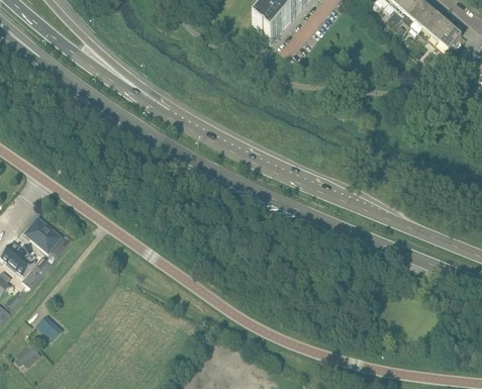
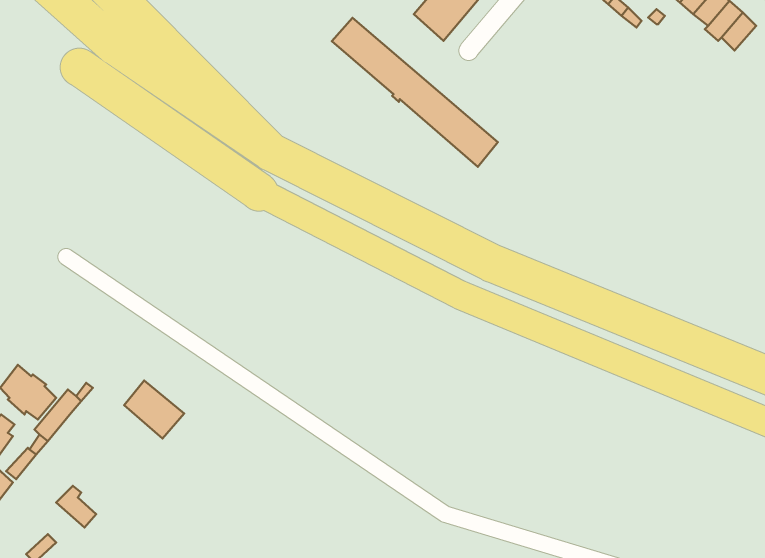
building: none -> [332,18,498,167]
building: [26,215,63,251] -> [124,380,184,439]

